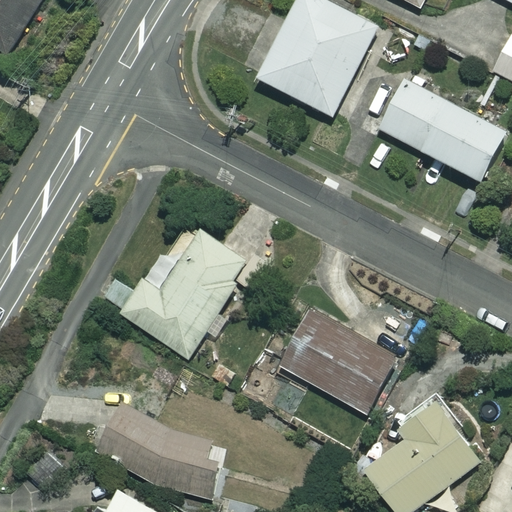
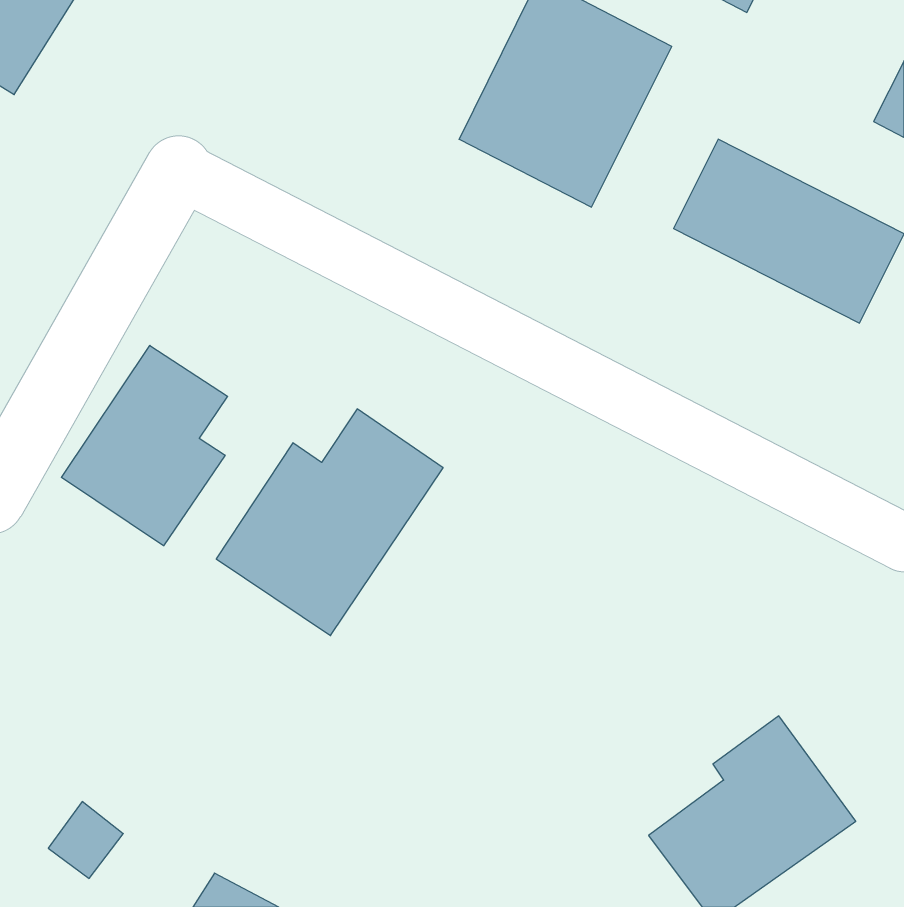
building: none -> [61,345,228,546]
building: [278,311,396,413] -> none
building: [96,404,225,499] -> none

